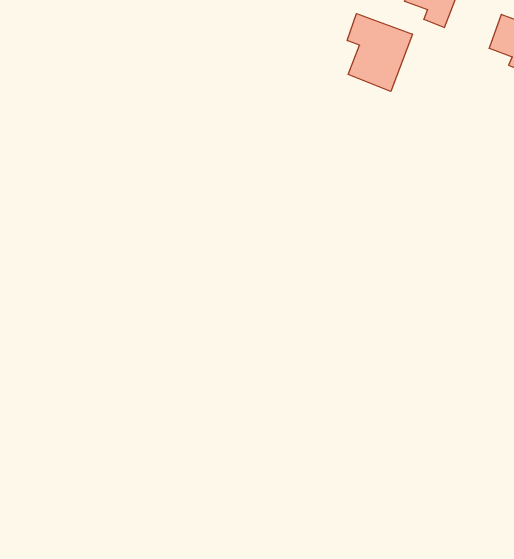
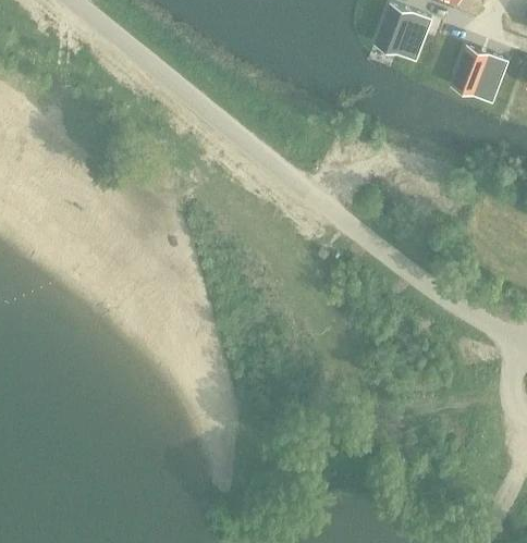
building: [347,14,412,91] -> none

